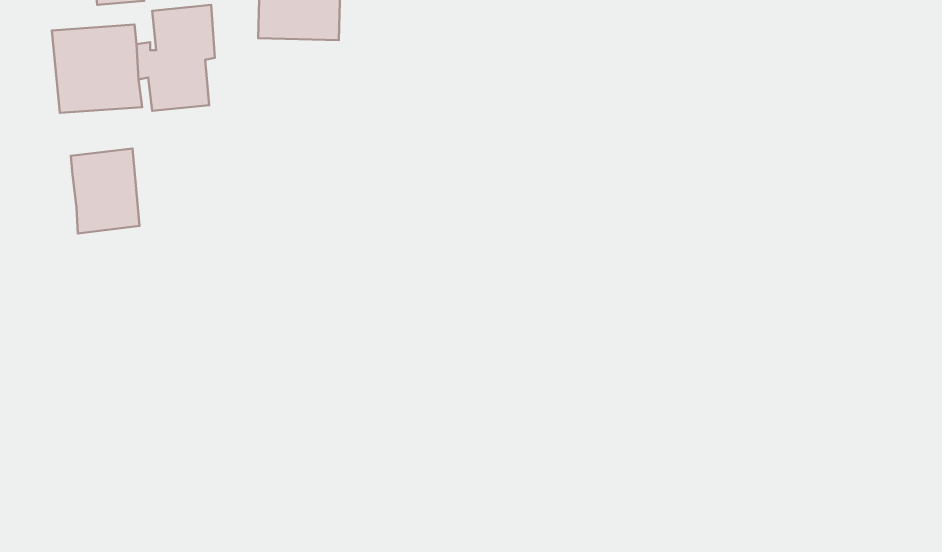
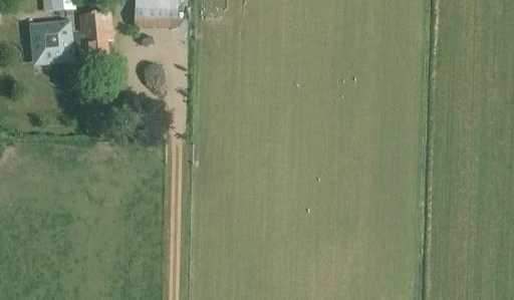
building: [71,148,140,233] -> none

